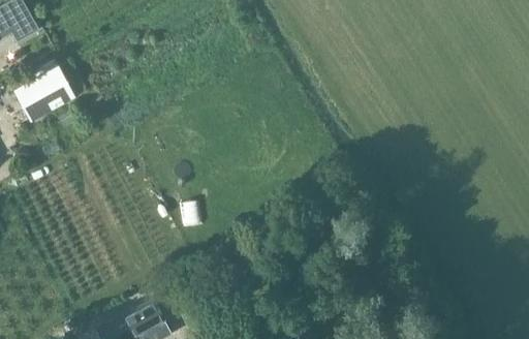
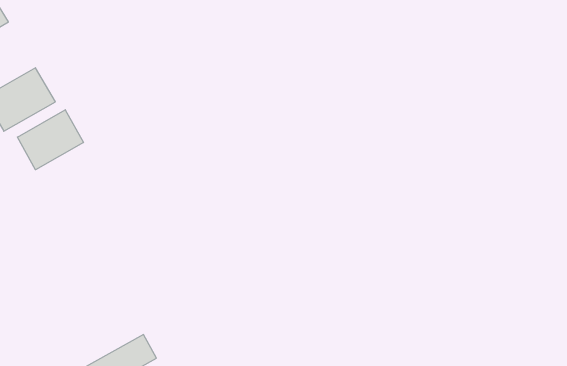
building: none -> [17,110,83,170]

